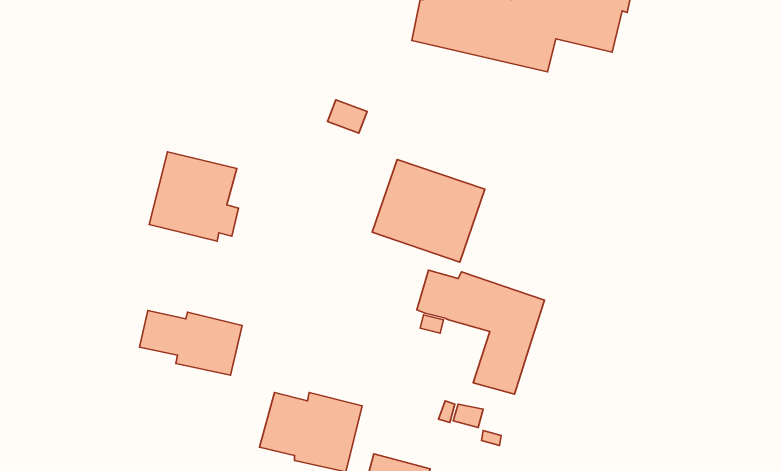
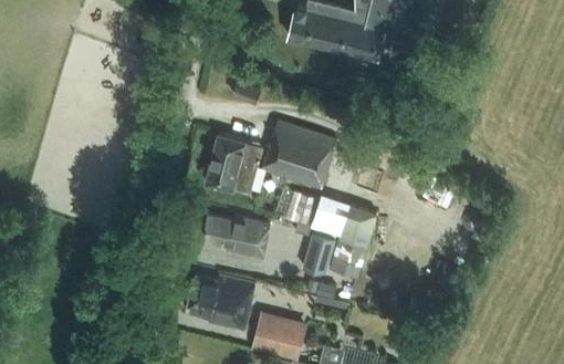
building: [149,152,239,241] -> [205,134,264,194]
building: [140,311,242,375] -> [202,215,271,258]
building: none -> [302,232,335,273]

